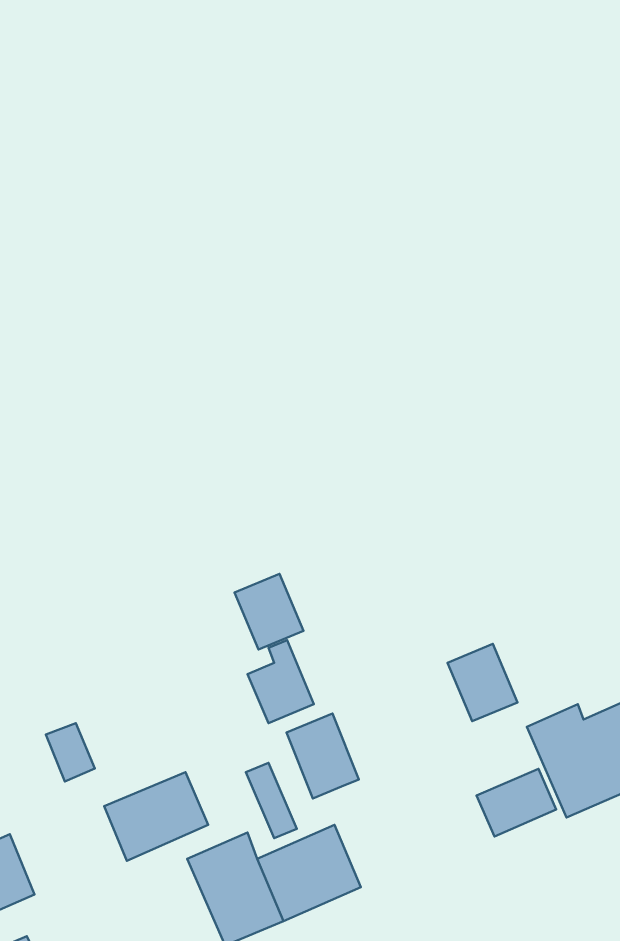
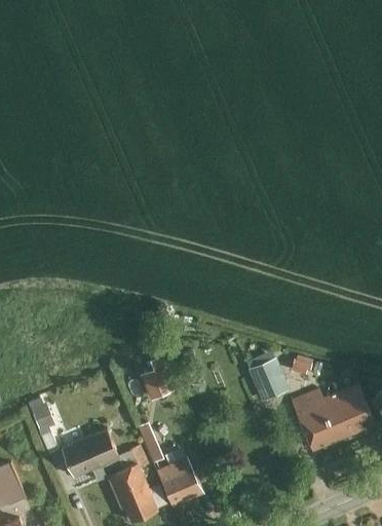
building: [235,574,303,650] -> none
building: [286,713,359,799] -> none
building: [477,769,556,836] -> none

